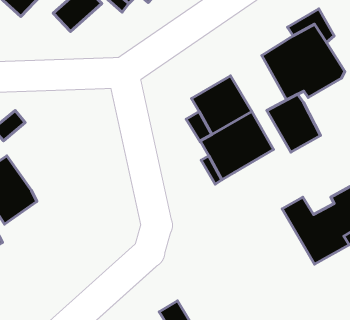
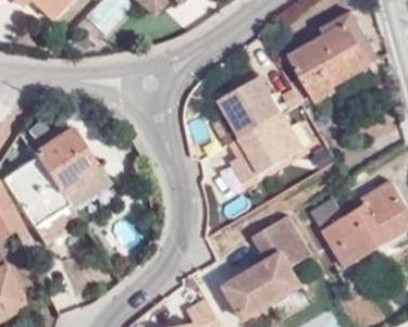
building: [267,94,321,152] -> none
building: none -> [34,127,111,207]
building: none -> [226,217,310,316]

